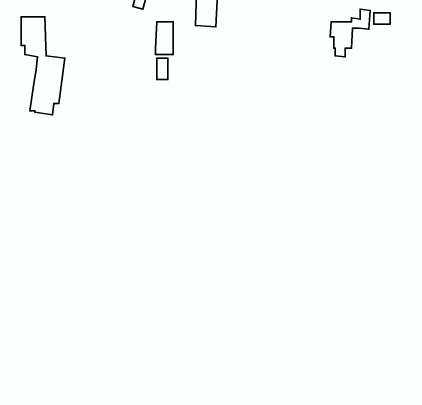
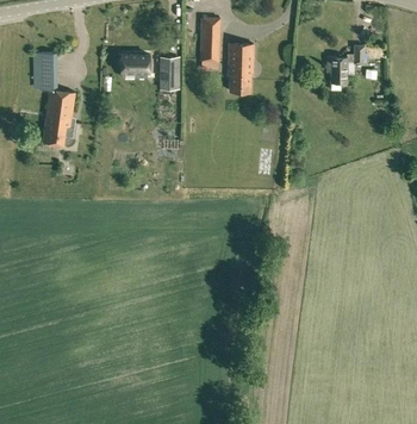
building: none -> [228,44,253,93]
building: none -> [118,54,144,76]

